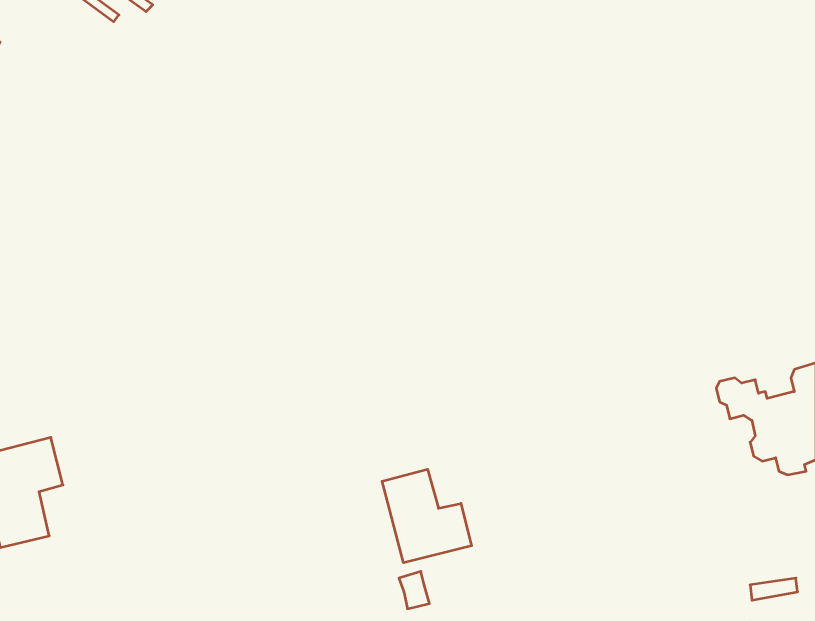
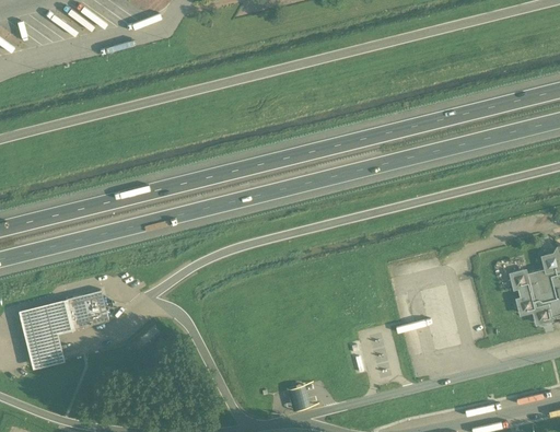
building: none -> [66,290,108,329]
building: [382,469,472,563] -> none

